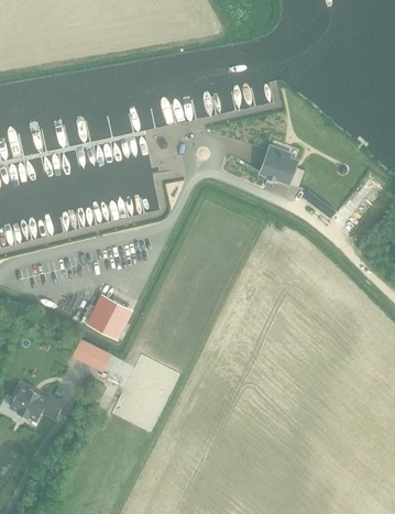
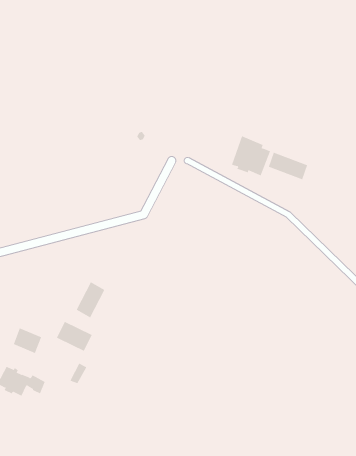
building: none -> [268,152,308,180]
building: none -> [13,328,42,354]

